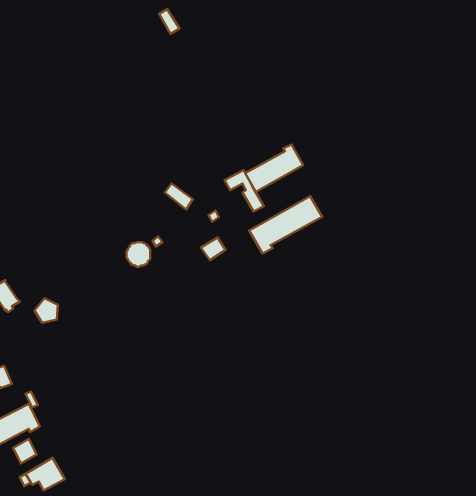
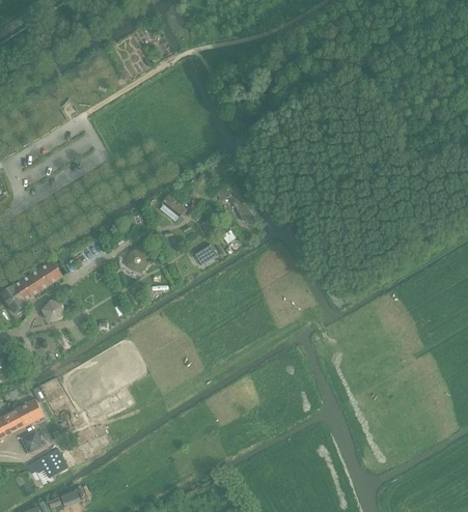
building: [245,144,303,192] -> none
building: [249,196,322,253] -> none
building: none -> [12,260,61,301]

